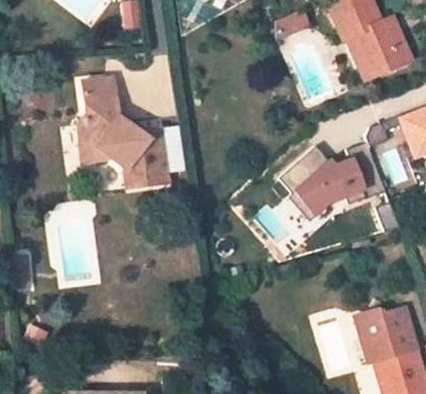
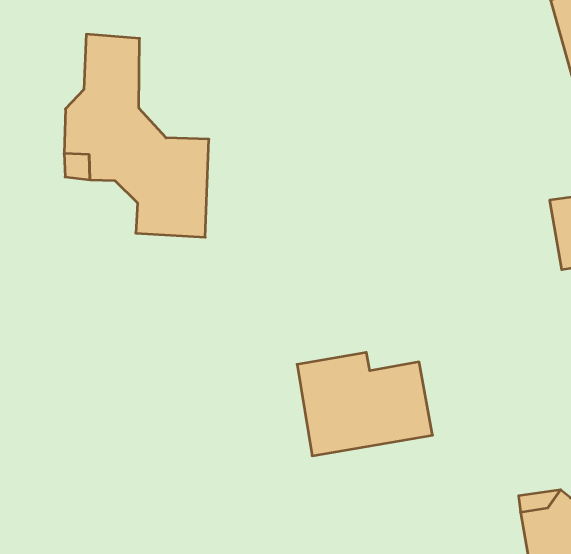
building: [285,152,366,214] -> [297,352,433,456]

